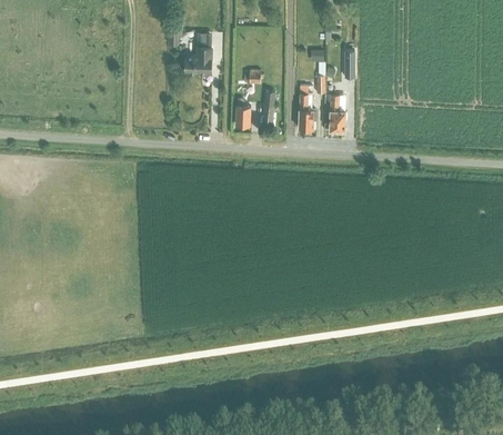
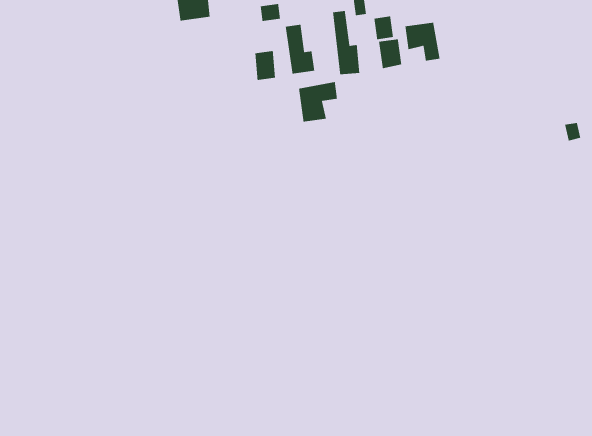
building: none -> [404,22,440,61]
building: none -> [298,81,338,123]

